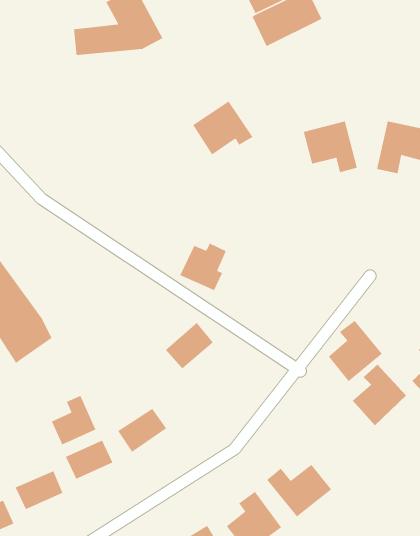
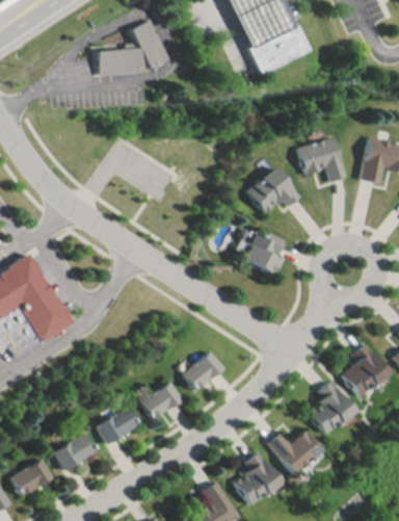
building: [192,101,253,156] -> [246,167,298,214]
building: [179,242,227,291] -> [243,233,284,275]
building: [328,320,383,382] -> [305,382,352,435]
building: [165,322,214,369] -> [181,350,222,391]
building: [51,395,97,445] -> none

